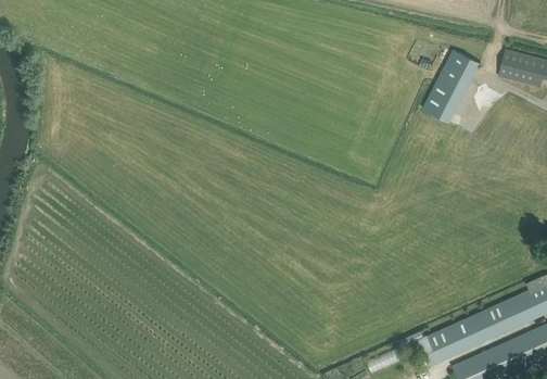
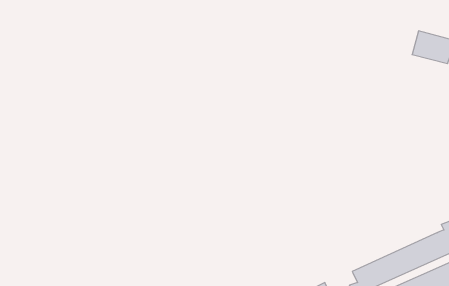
building: [422,50,480,123] -> none

